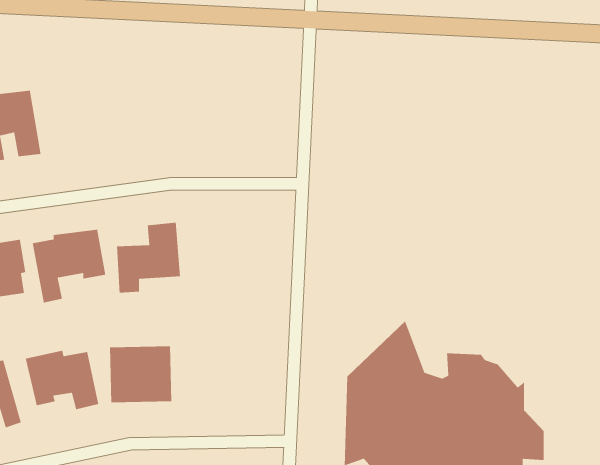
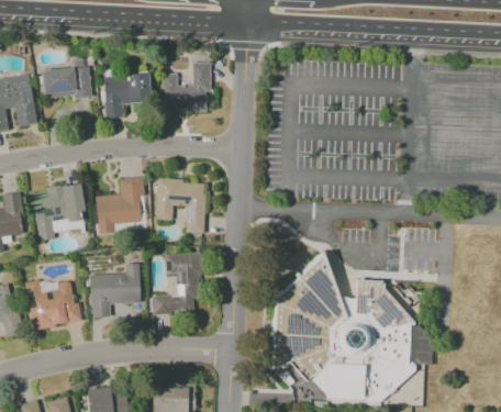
building: none -> [162,63,211,114]
building: none -> [42,67,92,101]
building: none -> [104,73,151,116]
building: none -> [155,179,207,236]
building: none -> [154,253,204,314]

